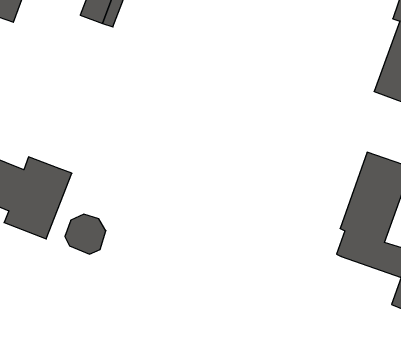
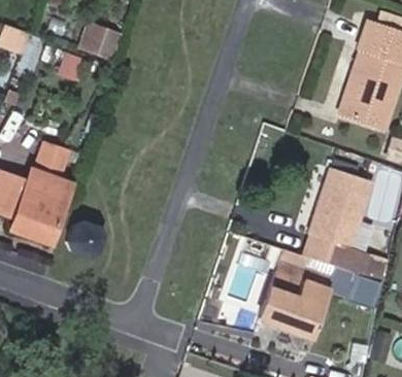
building: none -> [34,139,73,181]
building: none -> [257,248,329,337]

